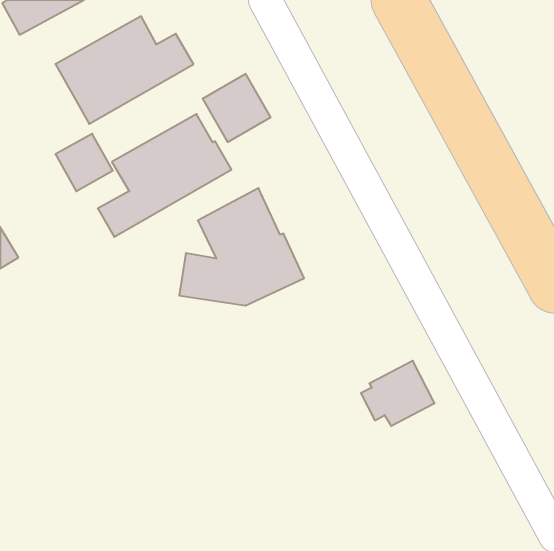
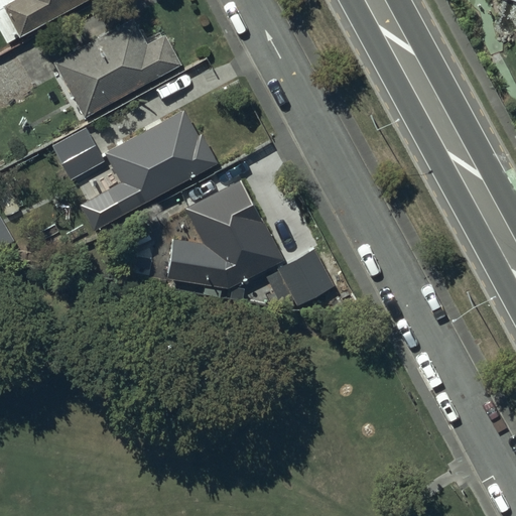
building: [203,74,271,142] -> none
building: [361,361,435,426] -> [267,248,336,308]

